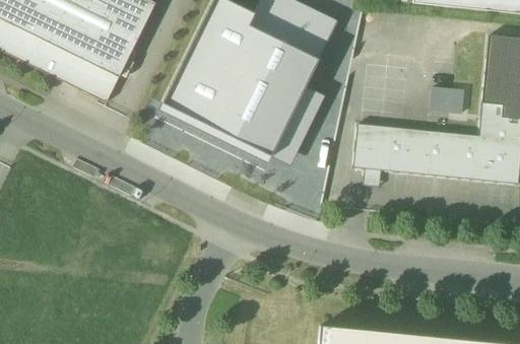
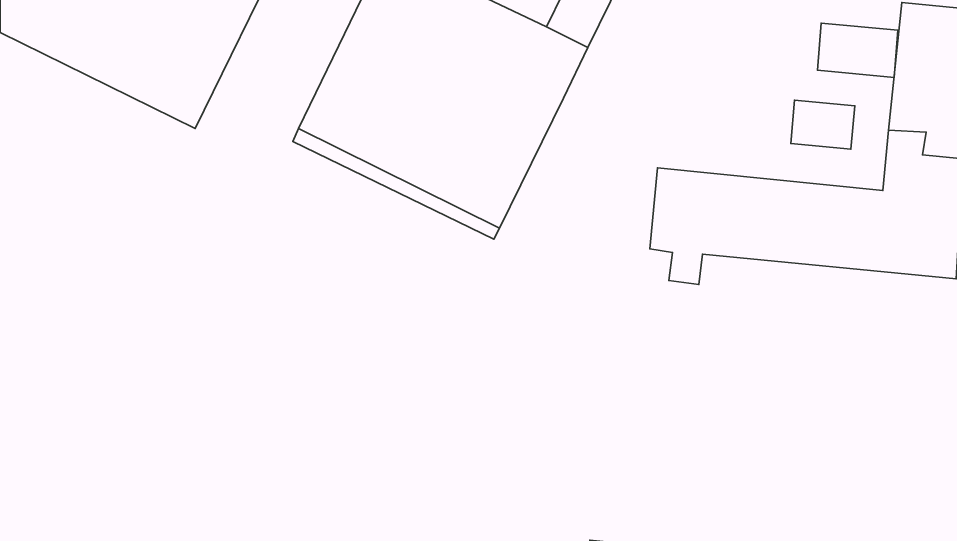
building: none -> [817,23,898,77]
building: [271,86,325,165] -> none

